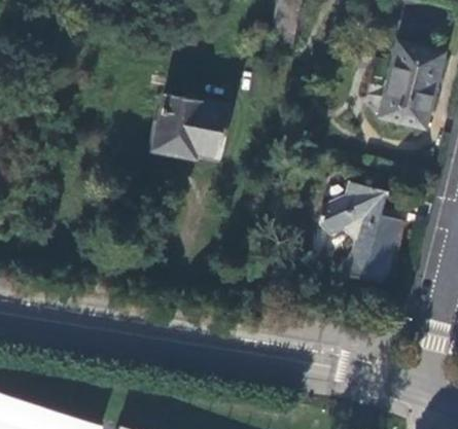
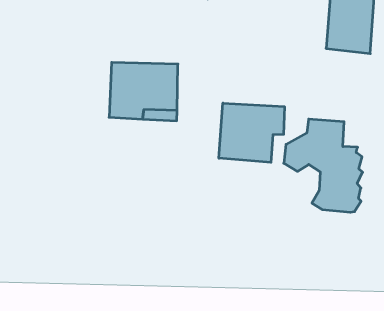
building: none -> [219,103,284,162]

